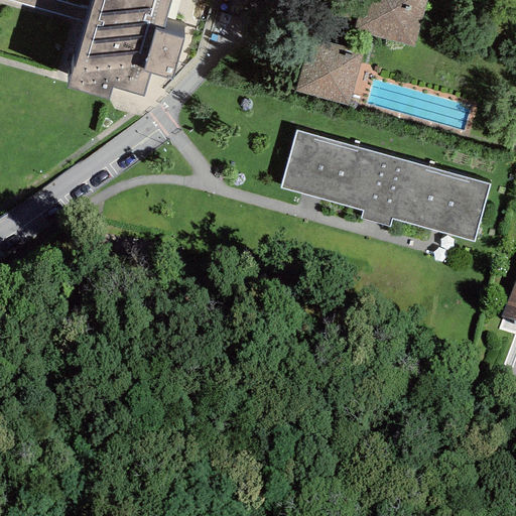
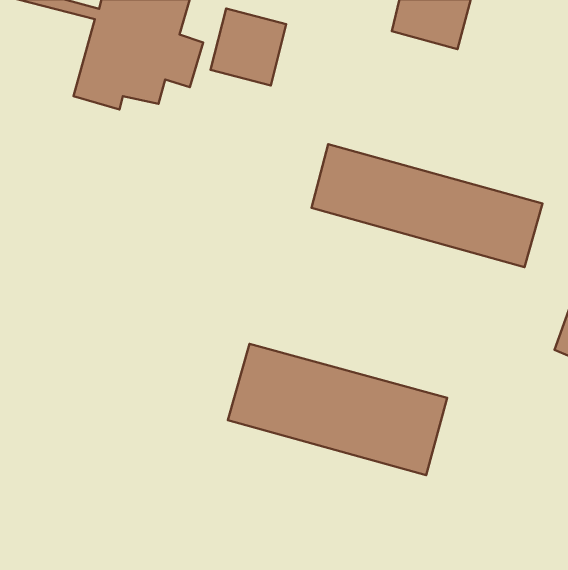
building: [296,36,365,106] -> [210,8,286,86]
building: none -> [228,344,447,475]

